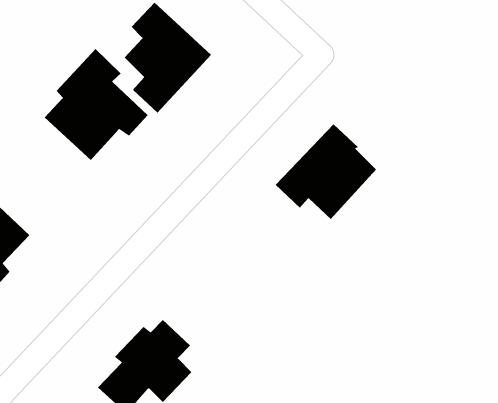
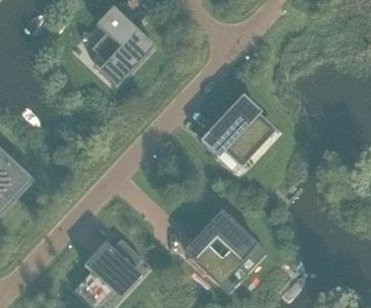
building: [44,48,149,161] -> none
building: none -> [183,209,258,285]

